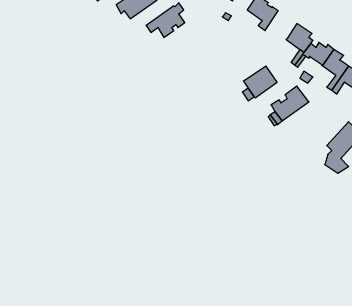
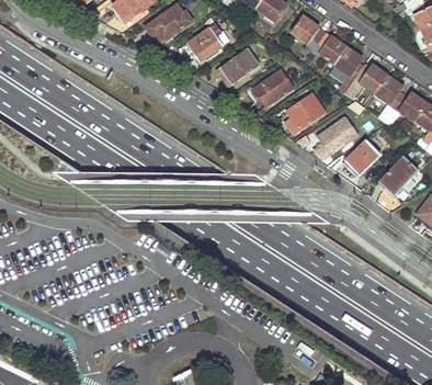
building: none -> [310,32,345,63]
building: none -> [217,49,257,86]
building: none -> [252,69,293,105]
building: none -> [344,139,379,174]

